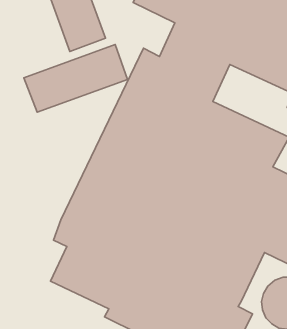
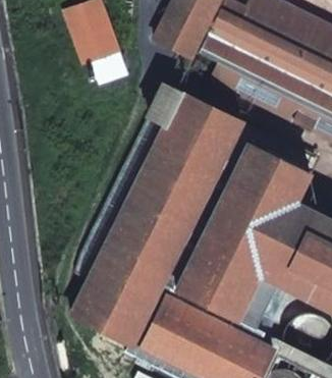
building: [24,44,128,112] -> none

